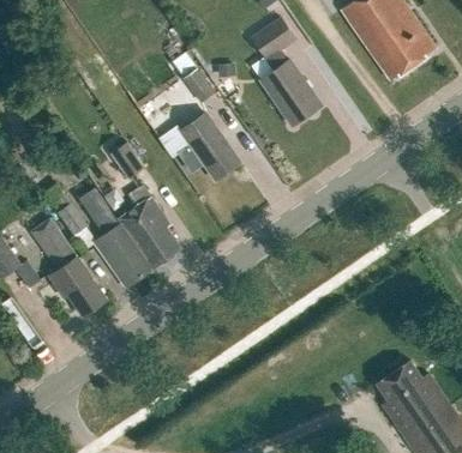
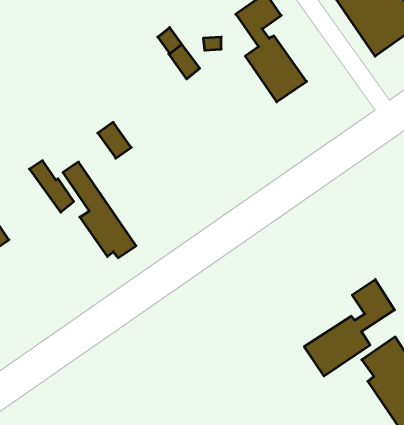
building: [179,114,240,181] -> none
building: [119,187,181,268] -> none
building: [32,218,107,318] -> none
building: none -> [304,279,395,376]

